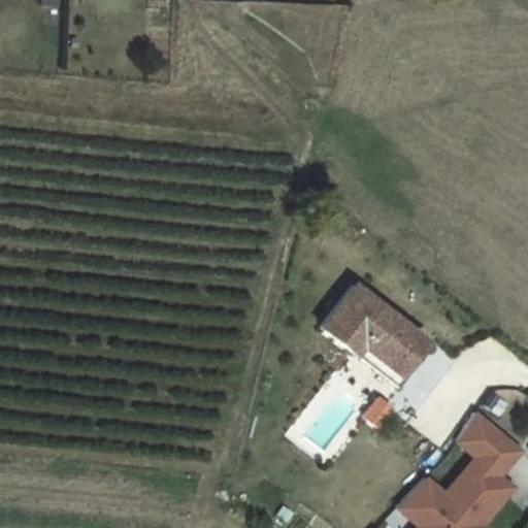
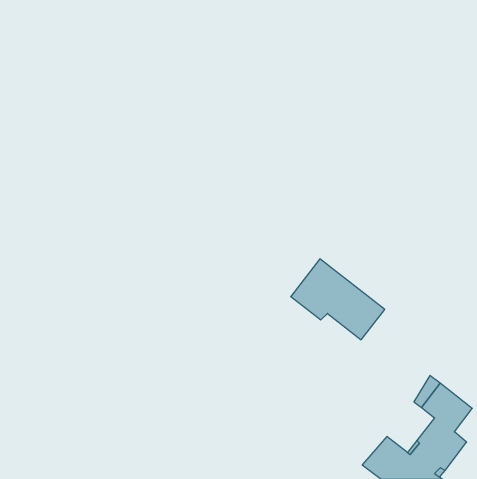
building: [356,339,432,385] -> none

